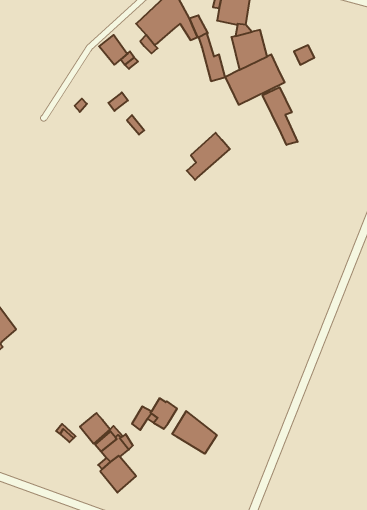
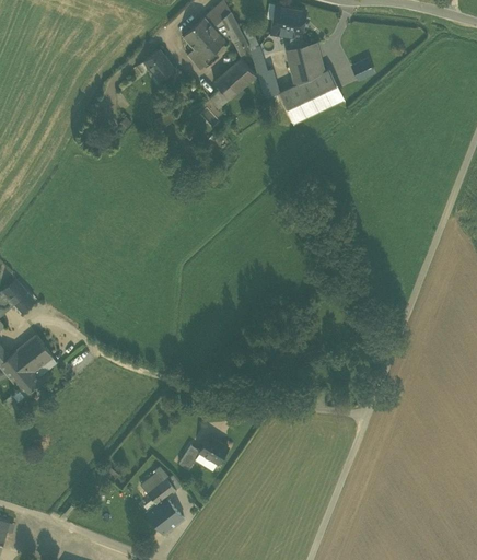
building: [263,87,298,145] -> none
building: [187,133,230,180] -> [210,57,256,107]
building: [172,411,217,454] -> none
building: [80,413,110,444] -> none

